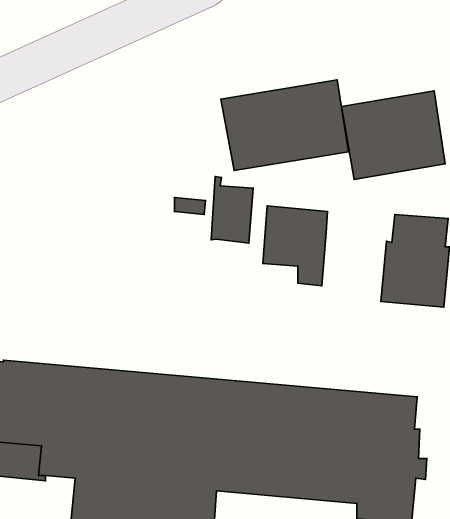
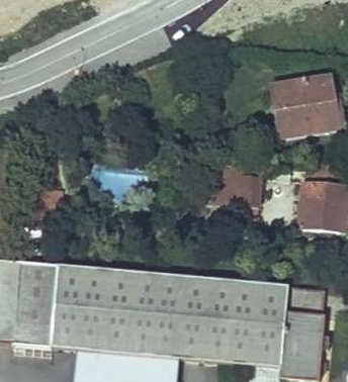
building: [221,80,349,171] -> none
building: [211,176,253,243] -> none

